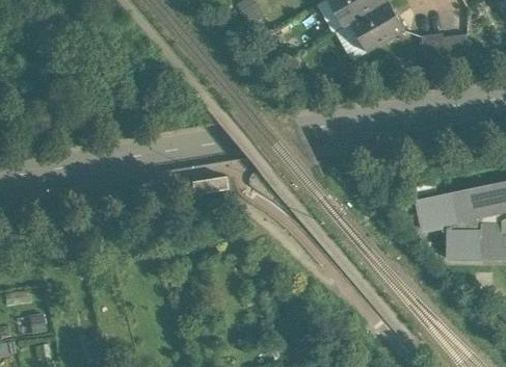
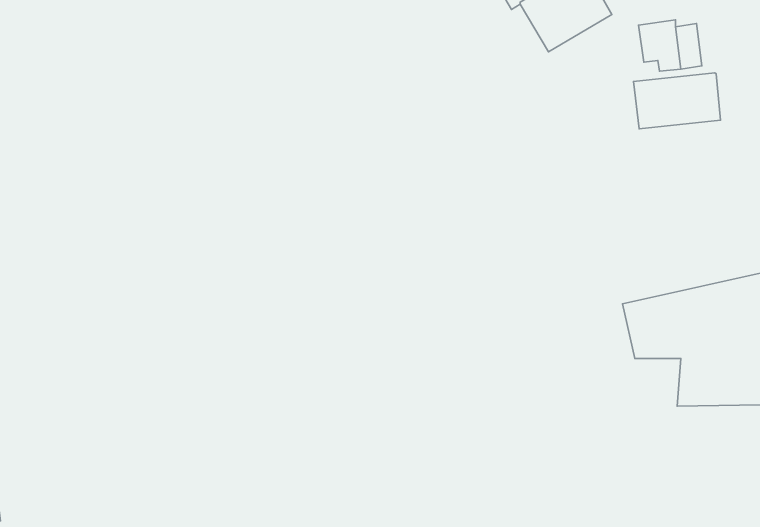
building: none -> [634,73,721,129]
building: [187,172,227,204] -> none

